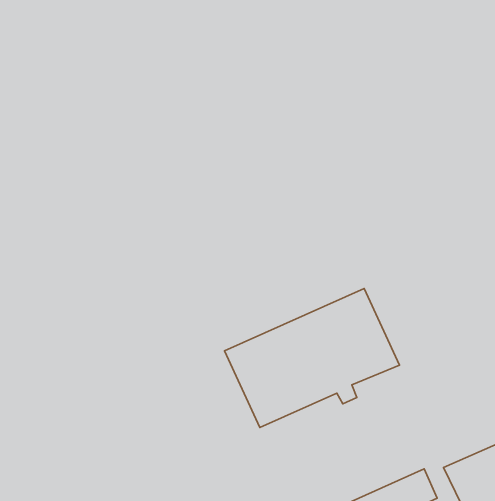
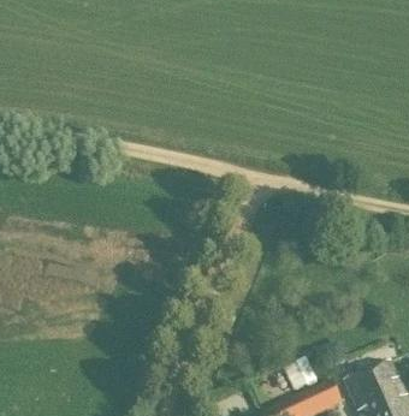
building: [224,288,400,428] -> none

